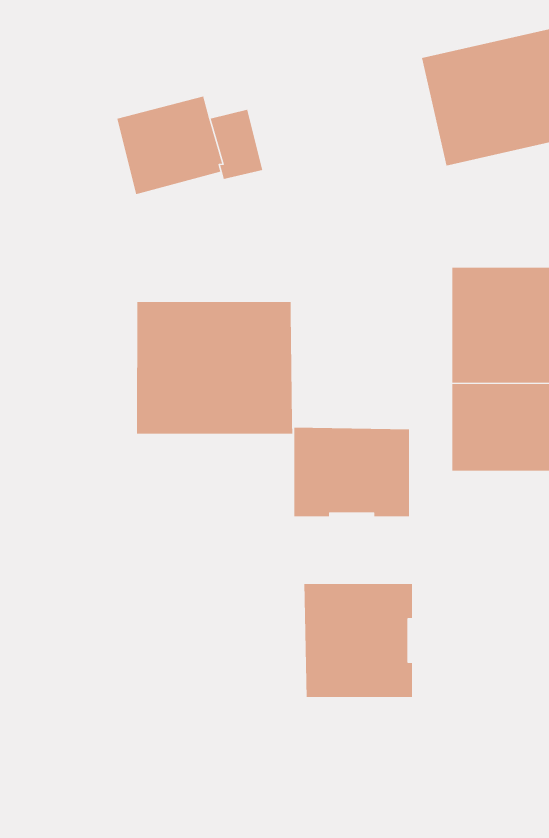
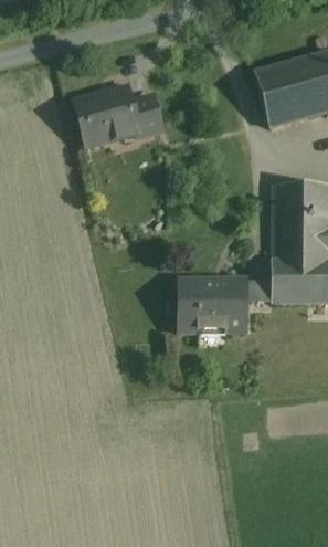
building: [137,301,293,435] -> none
building: [304,583,413,698] -> none

